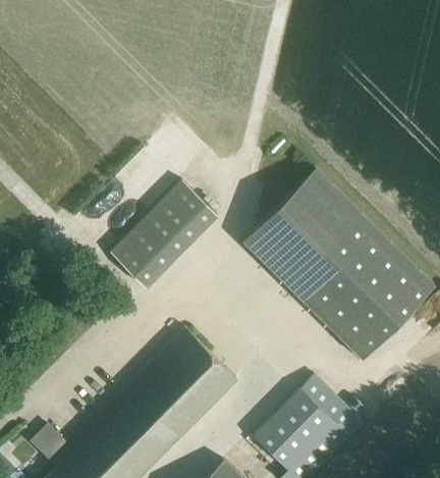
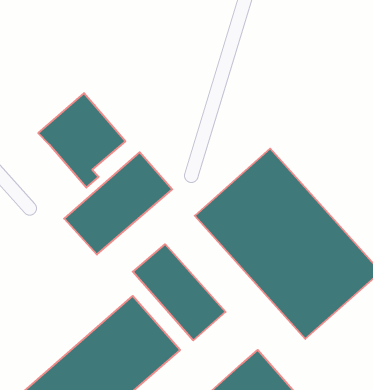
building: none -> [38,93,125,188]
building: none -> [133,244,226,340]

